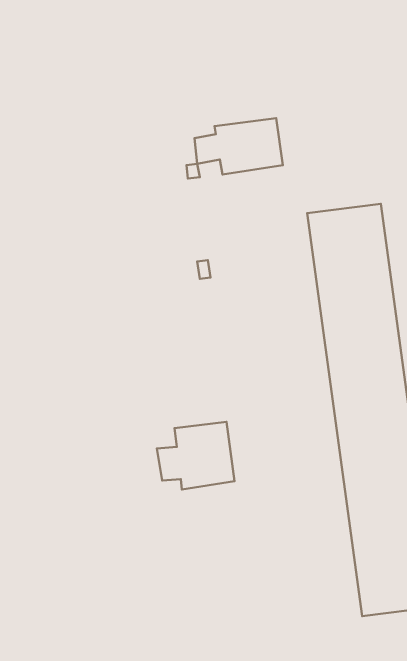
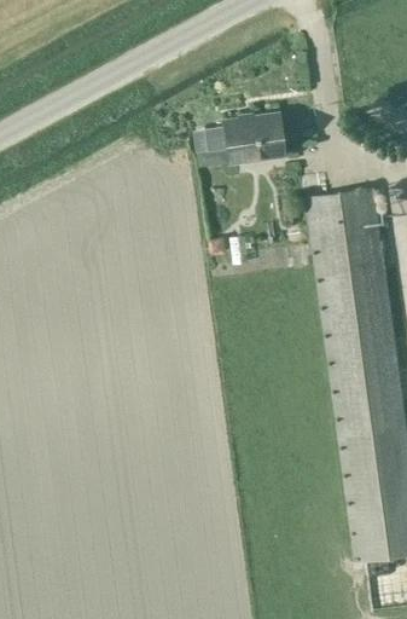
building: [157,422,235,489] -> none

